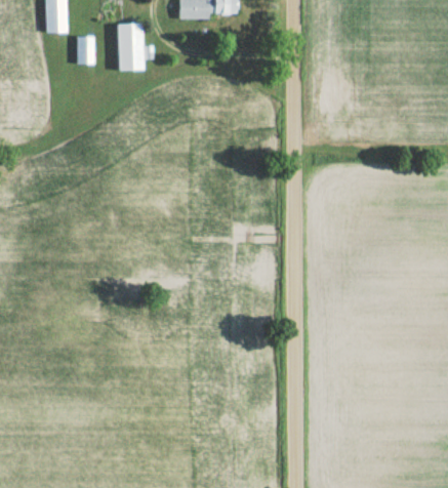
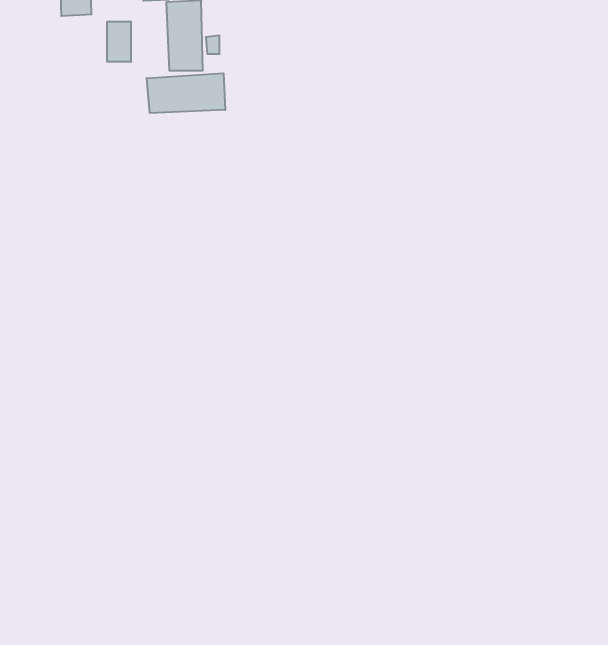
building: none -> [147,73,225,113]

